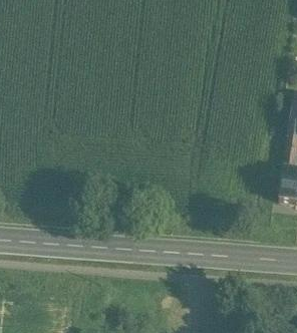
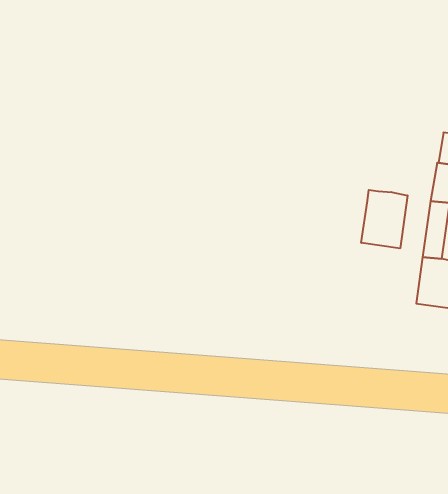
building: none -> [361,190,408,248]

